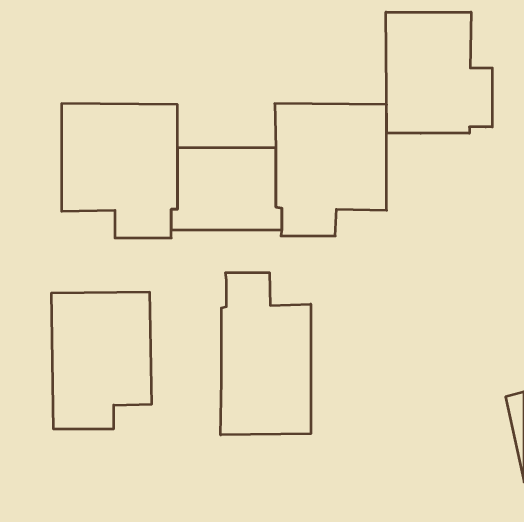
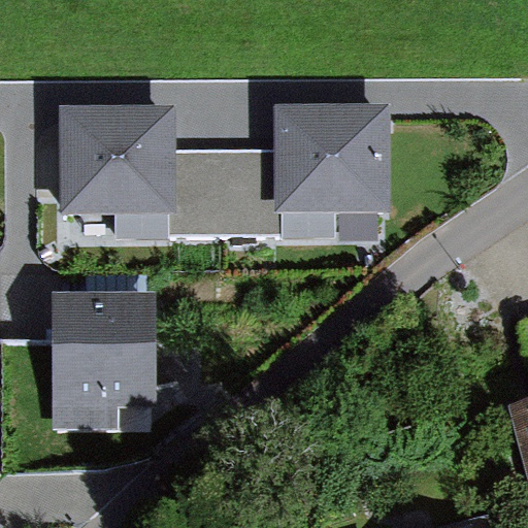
building: [386,12,492,133] -> none
building: [221,273,311,435] -> none

